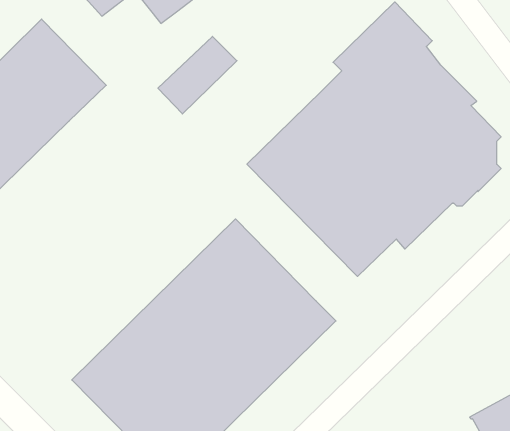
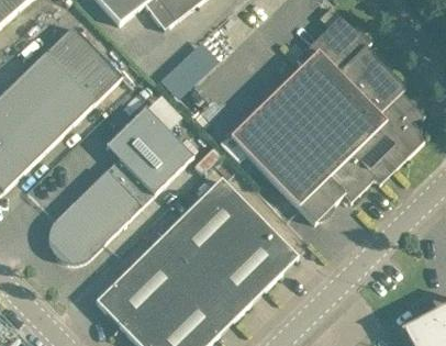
building: none -> [48,107,193,263]

